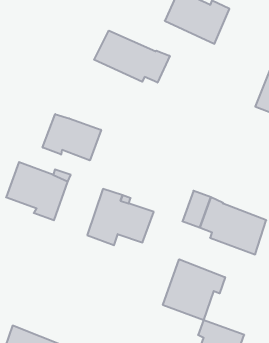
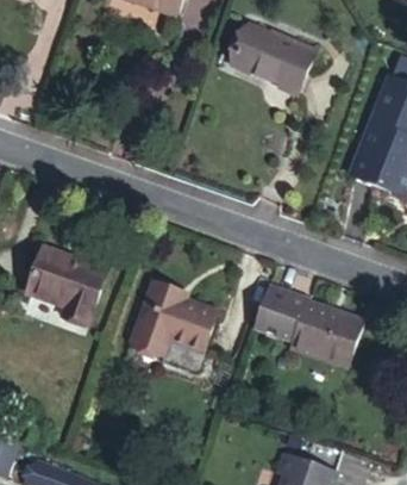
building: [94,31,170,83] -> none
building: [43,114,101,160] -> none
building: [163,259,225,320] -> none

